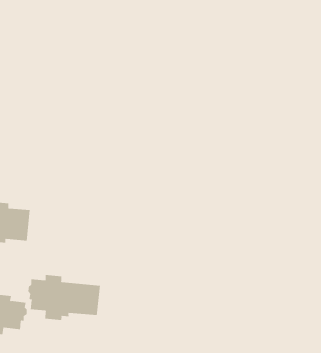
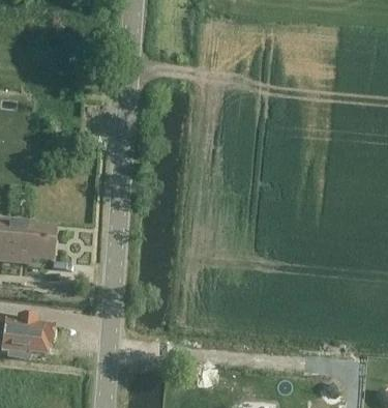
building: [28,274,100,321] -> none

